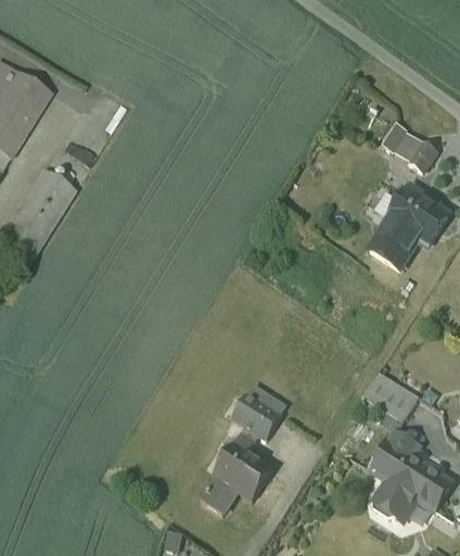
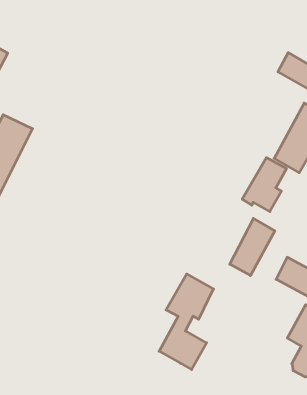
building: none -> [242,158,286,212]
building: none -> [230,218,275,276]
building: [199,473,238,513] -> none

